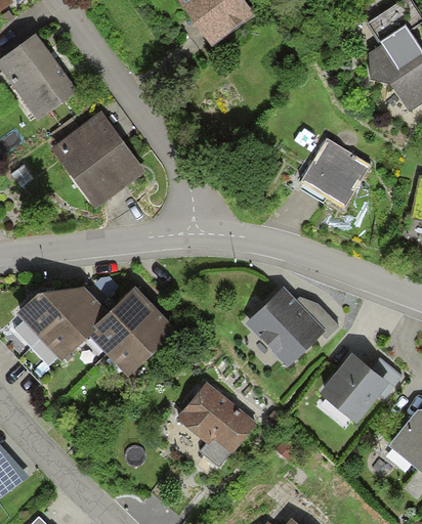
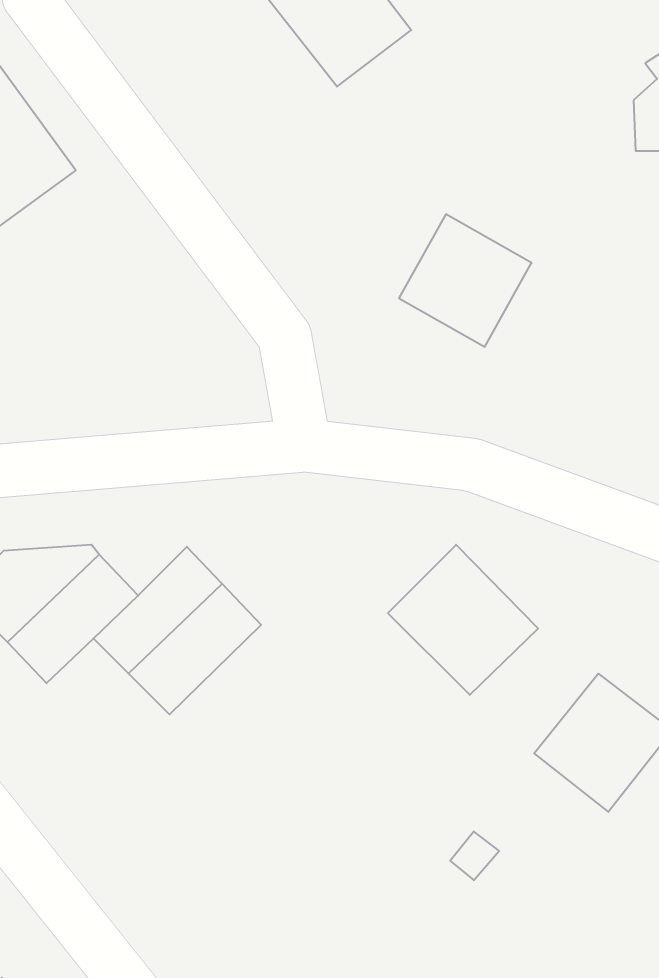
building: [53,112,149,210] -> none
building: [303,140,373,210] -> [399,214,532,347]
building: [174,382,258,456] -> none

